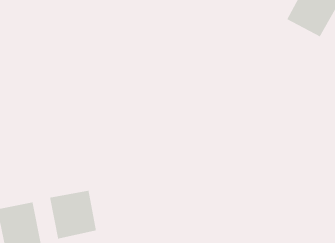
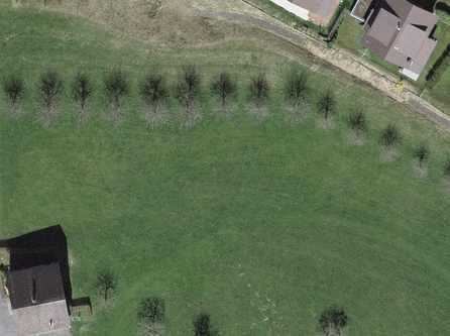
building: [49,190,97,239] -> none

